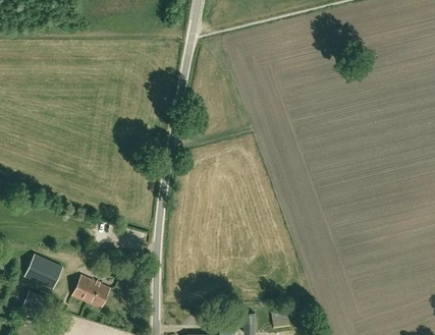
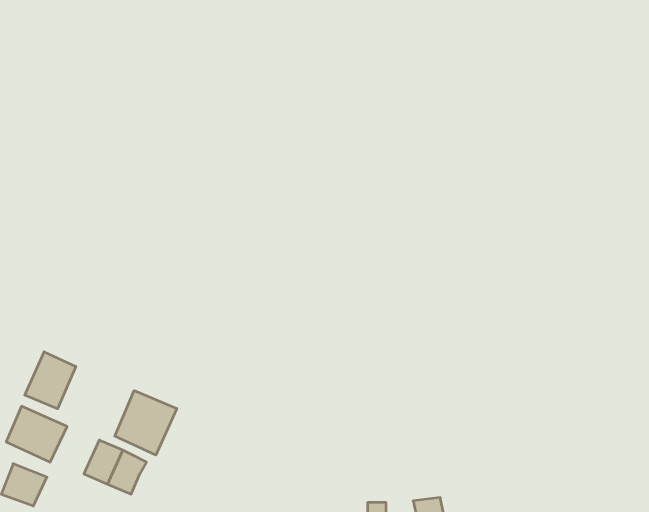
building: none -> [25,352,76,409]
building: none -> [115,391,177,455]

